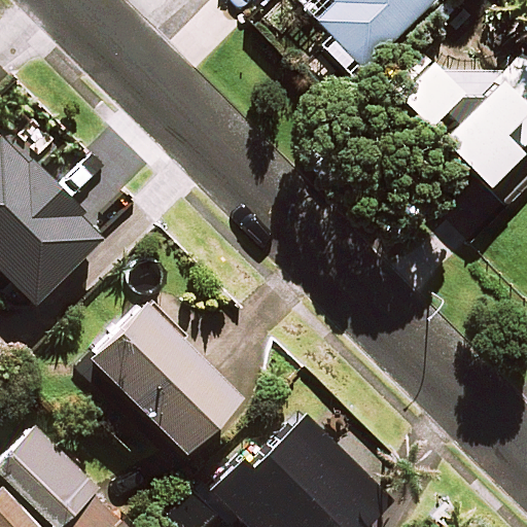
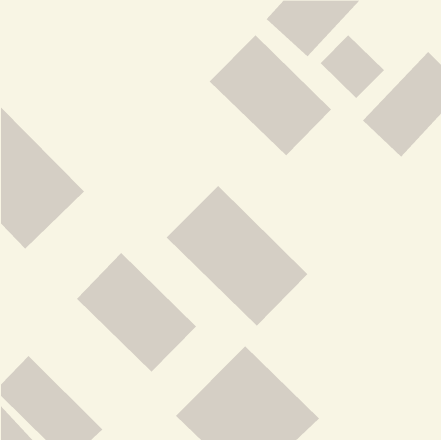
building: none -> [209,34,332,156]
building: none -> [166,185,308,326]

